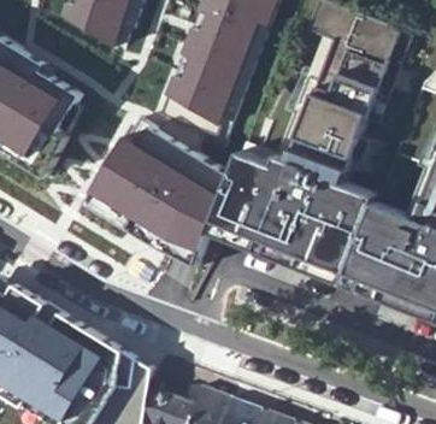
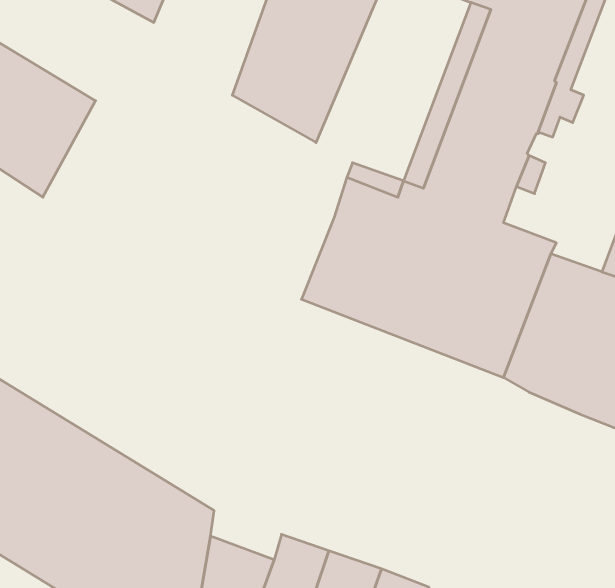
building: [88,128,234,261] -> none

